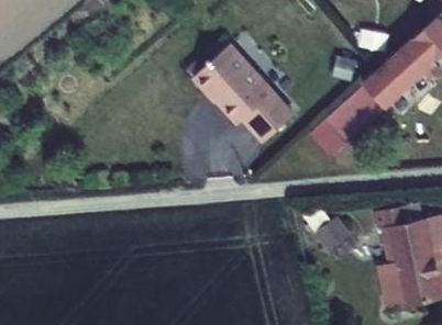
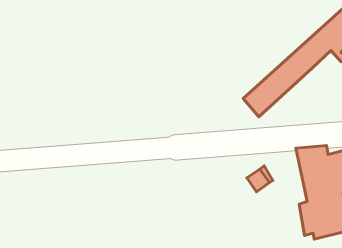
building: [188,44,290,142] -> none

